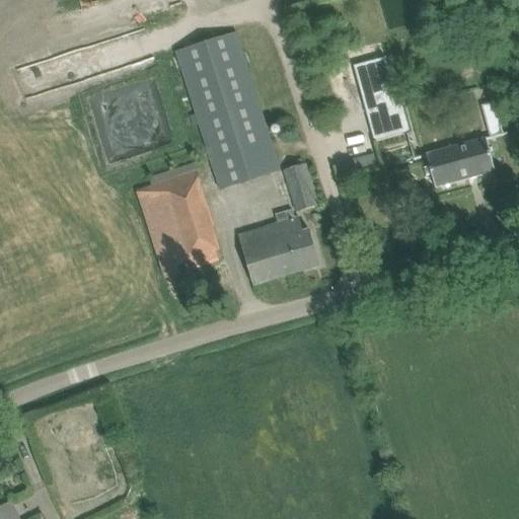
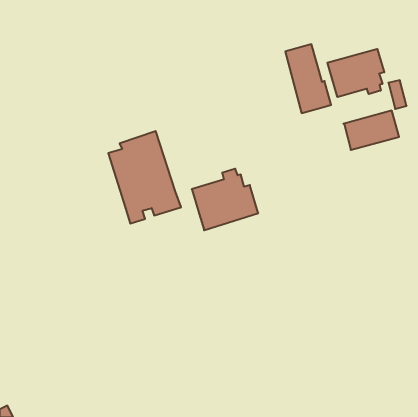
building: [175,31,279,188] -> none
building: none -> [327,49,384,97]
building: [284,162,317,211] -> none

